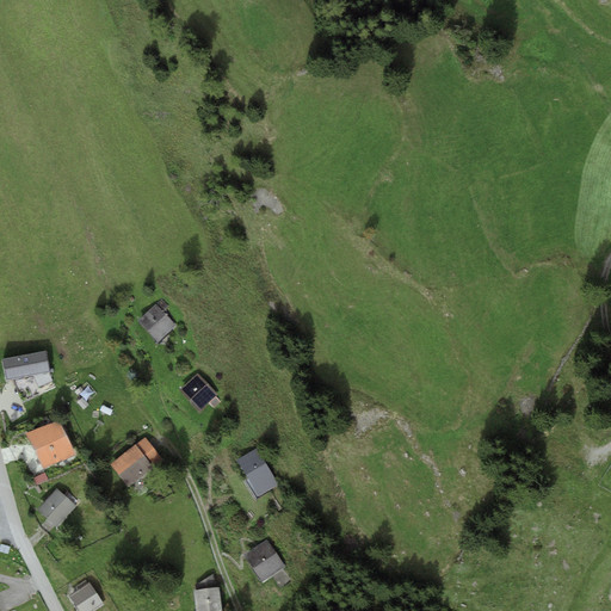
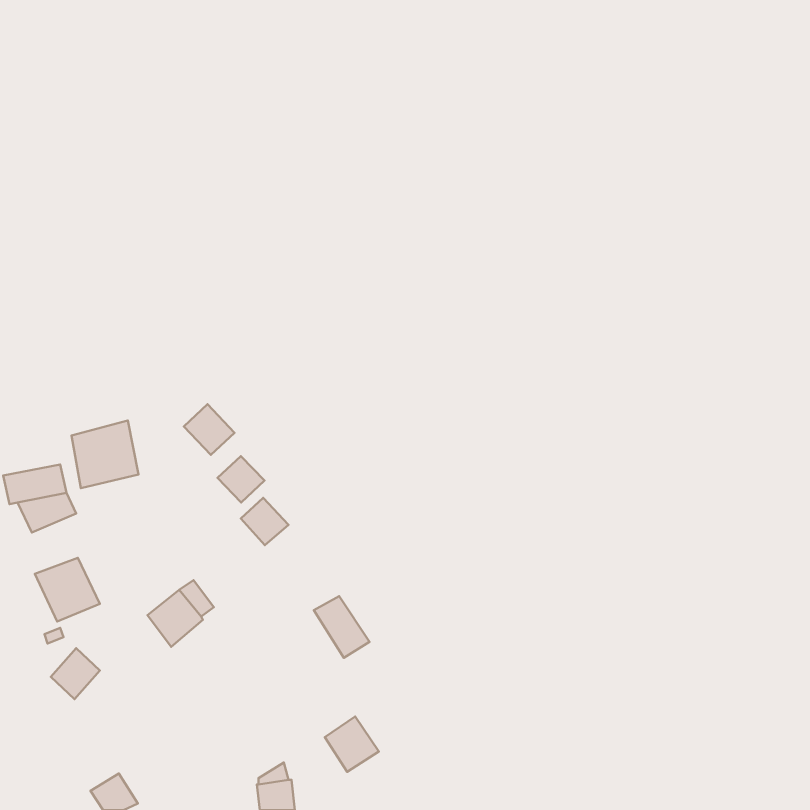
building: none -> [71,421,138,488]
building: none -> [218,456,265,502]

